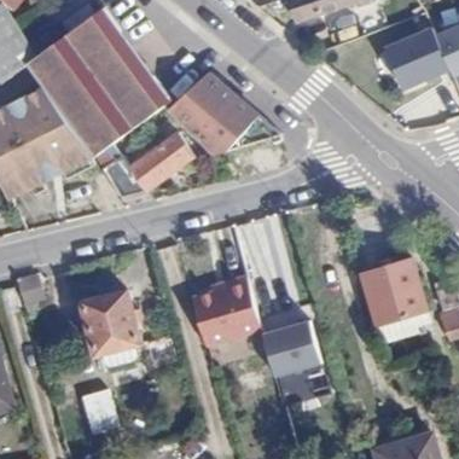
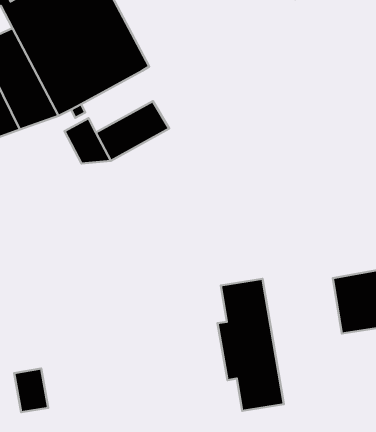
building: [168,74,279,156] -> none
building: [191,277,258,343] -> none
building: [81,289,141,365] -> none

